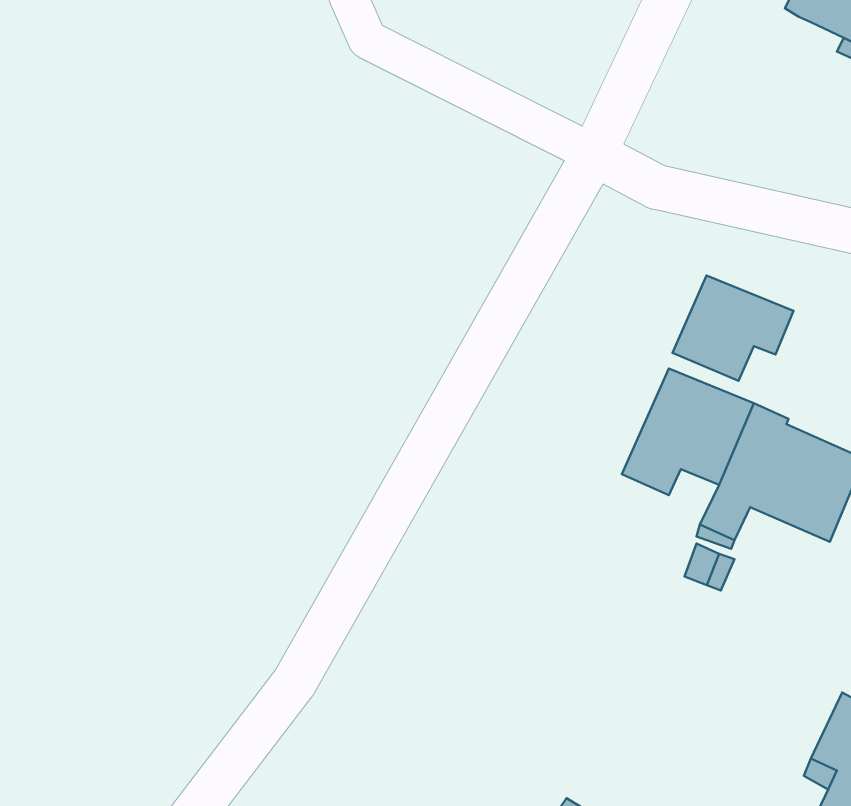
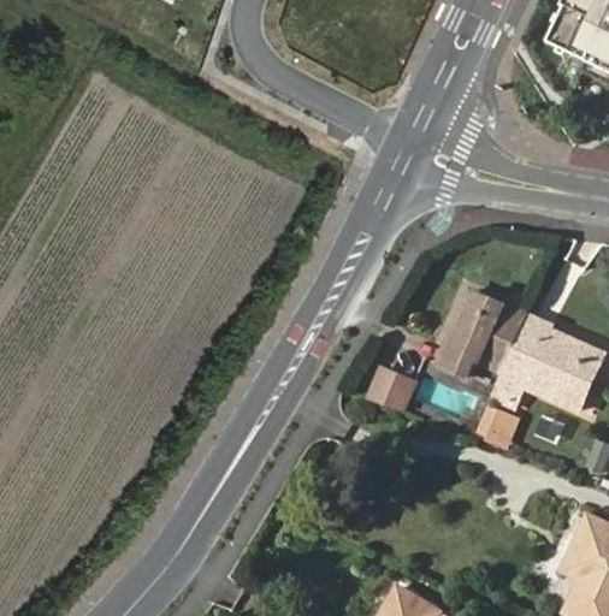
building: [673,275,793,381] -> none
building: none -> [367,368,413,410]

